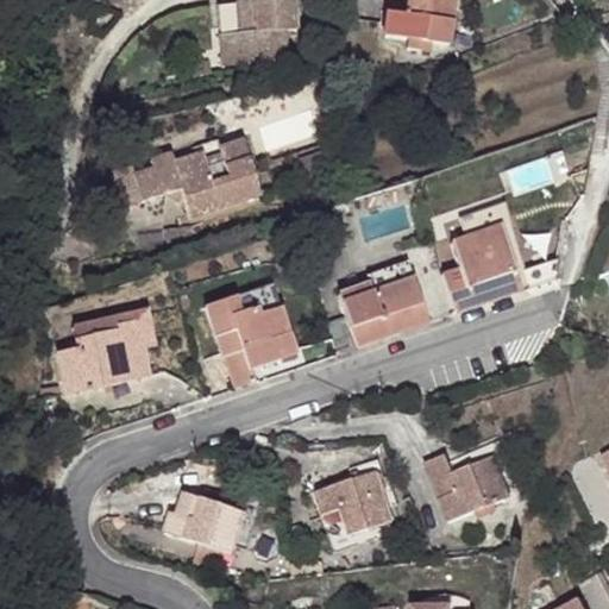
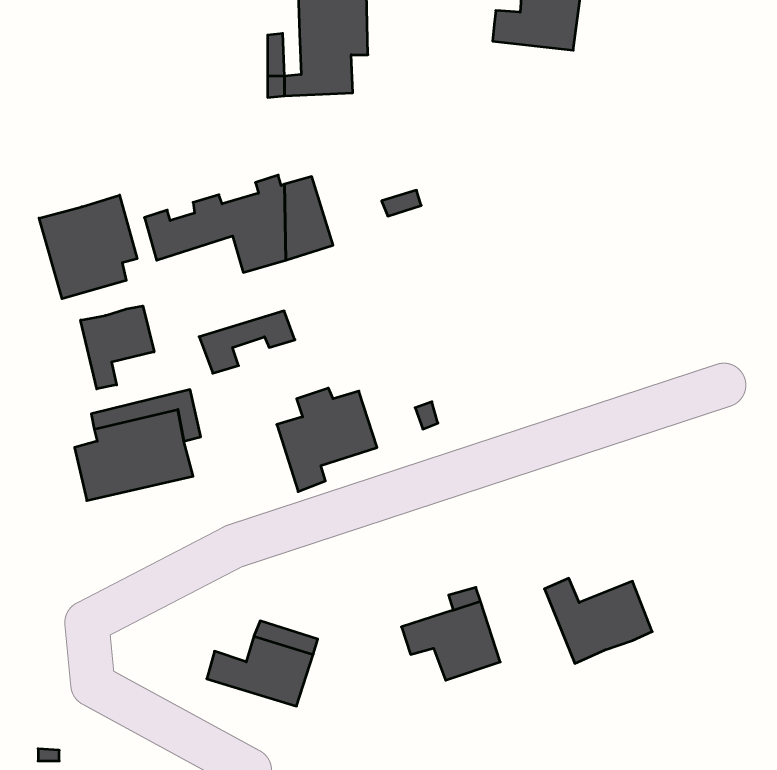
building: none -> [39,195,137,299]
building: [442,221,528,308] -> none
building: none -> [81,306,154,389]
building: [339,274,428,343] -> none
building: [206,283,281,332] -> [199,311,295,373]

